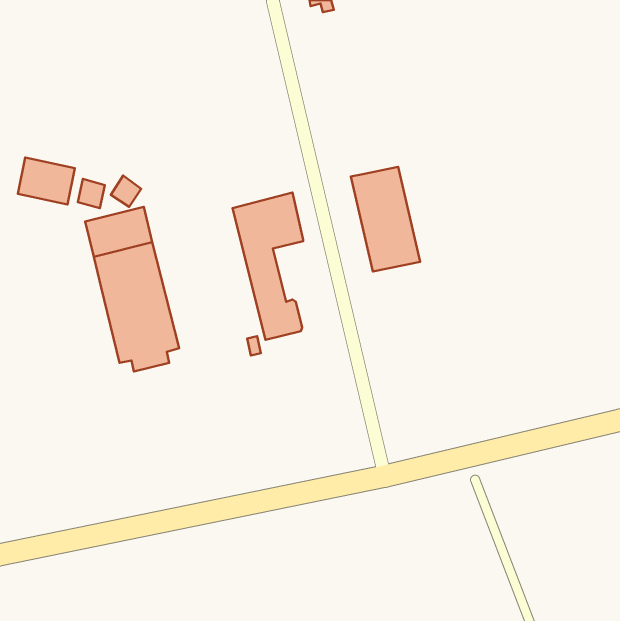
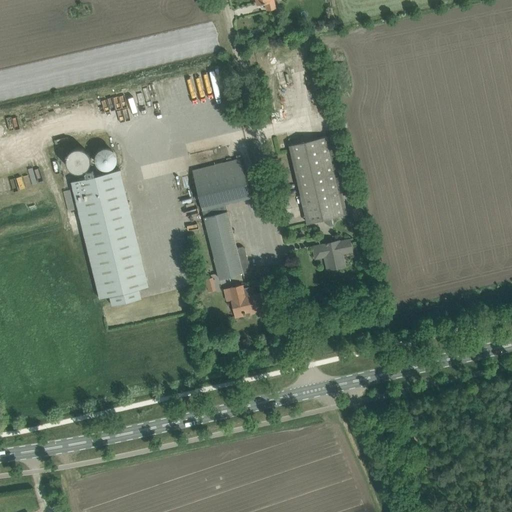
building: [18,158,75,204] -> none
building: none -> [310,240,350,270]
building: none -> [222,286,267,318]

